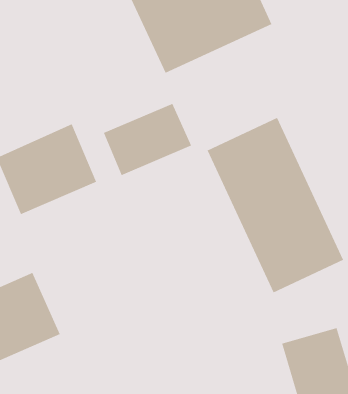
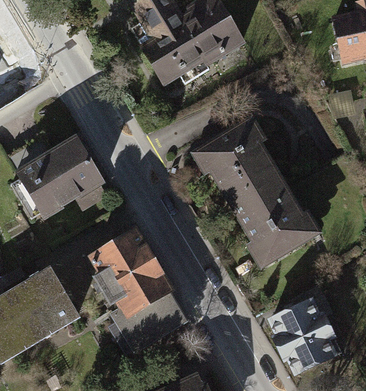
building: [103,103,192,176] -> none
building: none -> [90,229,189,353]

